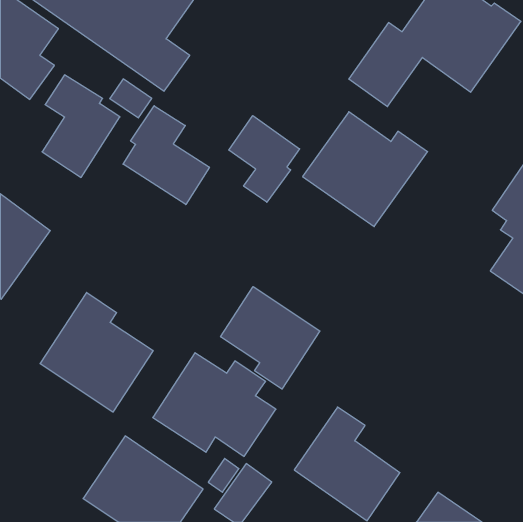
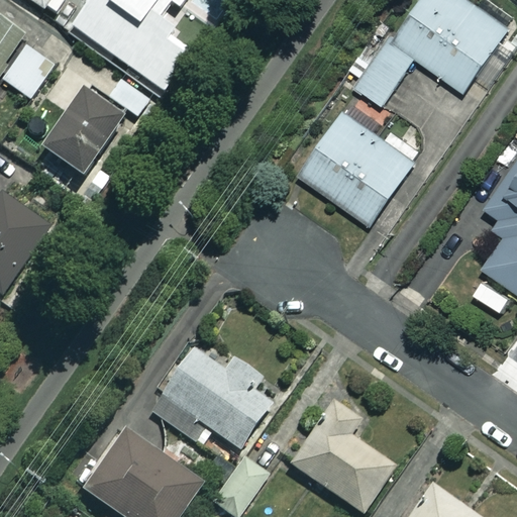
building: [123,106,209,205] -> none
building: [229,116,300,202] -> none
building: [221,287,320,389] -> none
building: [40,292,153,412] -> none

